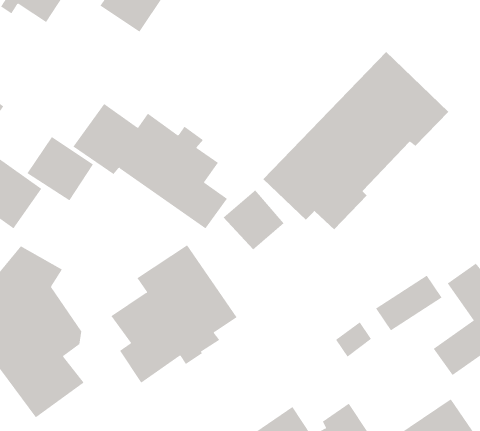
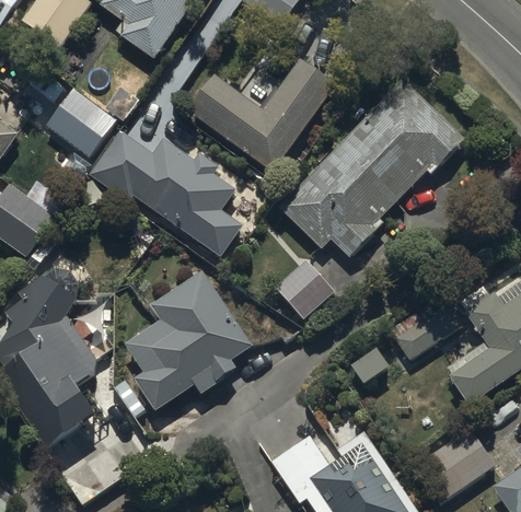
building: none -> [186,57,335,172]
building: [26,136,94,201] -> [47,89,115,154]
building: [223,189,285,250] -> [273,257,335,318]

